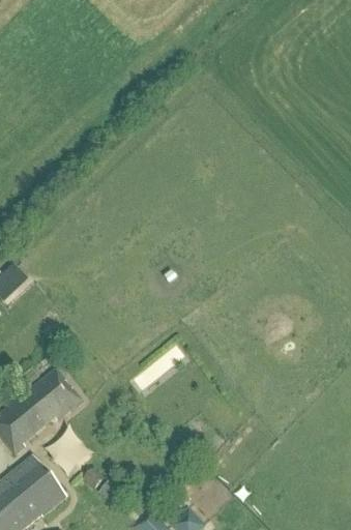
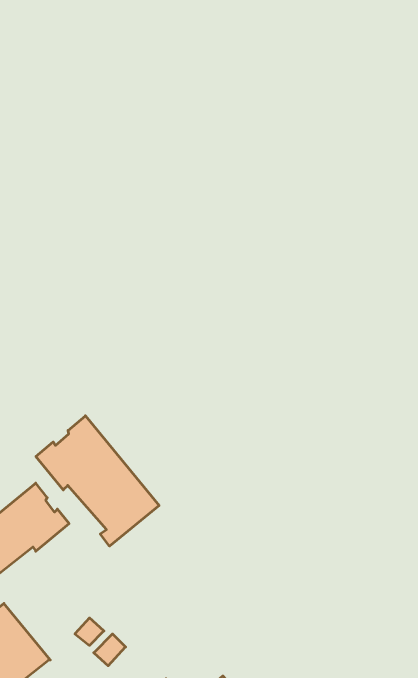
building: none -> [36,416,159,546]

